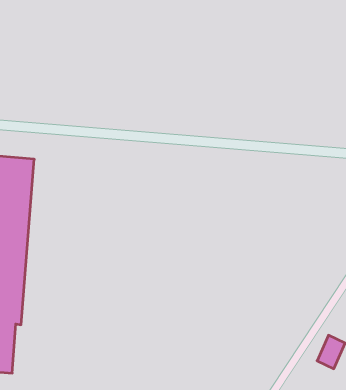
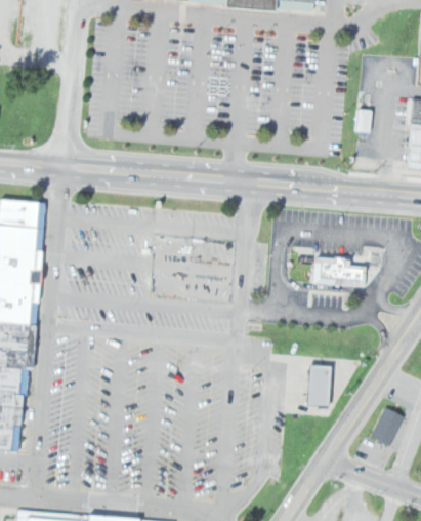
building: none -> [314,258,367,285]
building: none -> [305,365,329,406]

